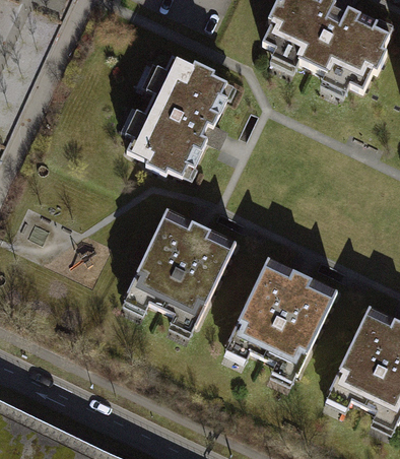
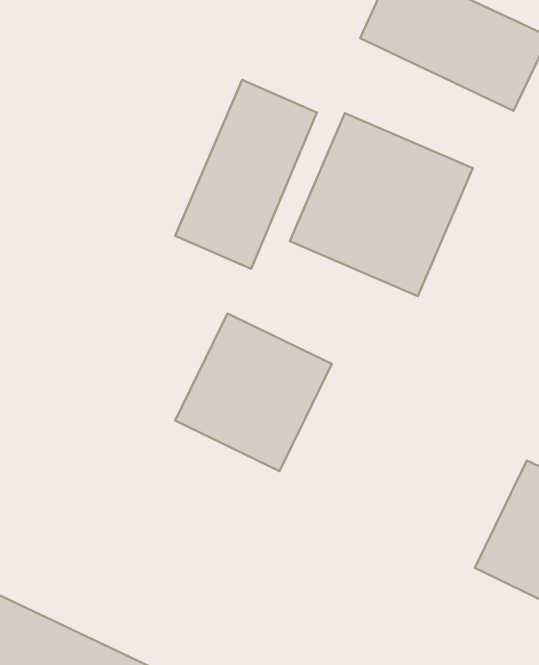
building: none -> [290,113,473,296]
building: [230,267,337,375] -> none

